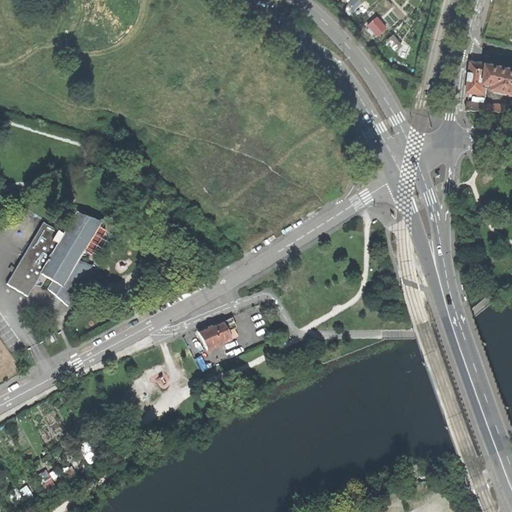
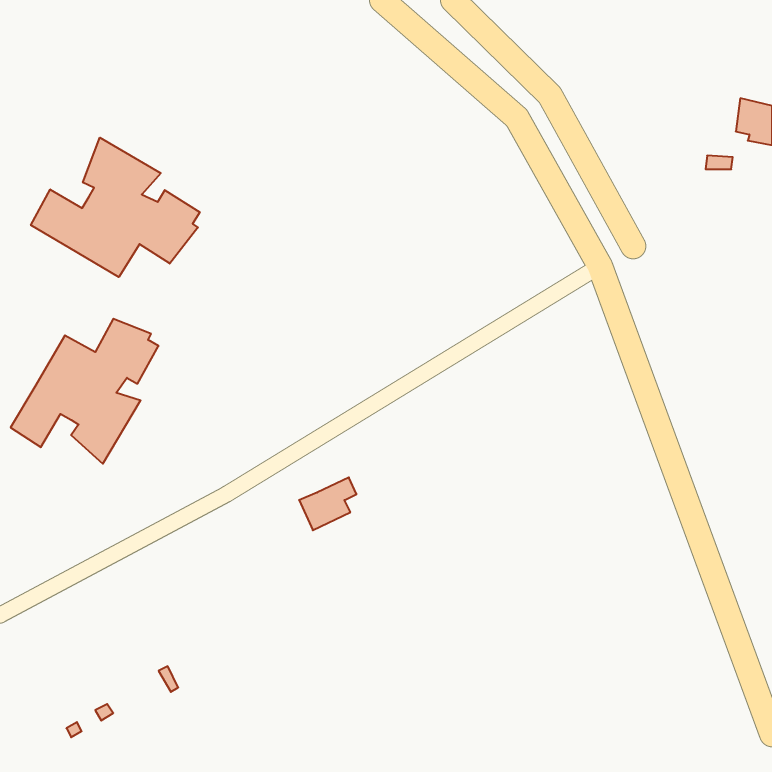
building: [469,63,490,95] -> none
building: none -> [31,138,200,277]

